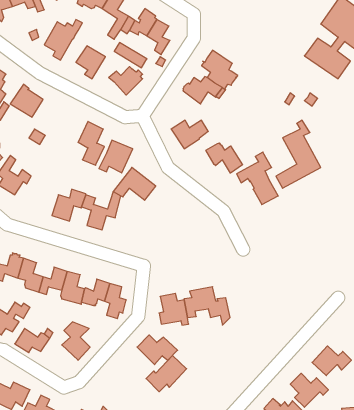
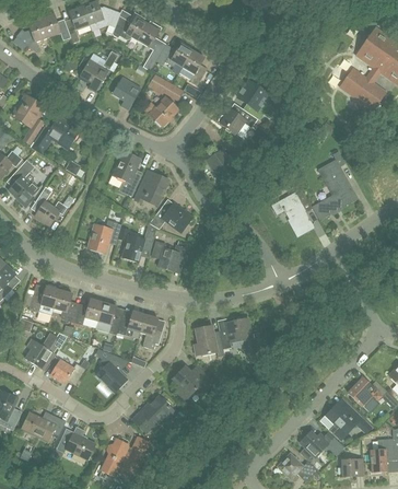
building: [206,143,243,173] -> none
building: none -> [151,241,187,272]
building: [146,356,187,392] -> [132,396,173,432]

